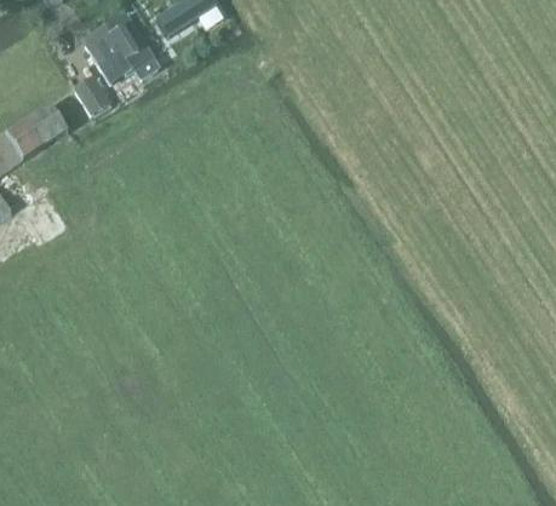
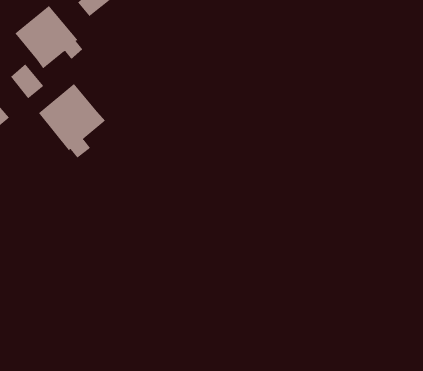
building: none -> [38,83,106,158]

